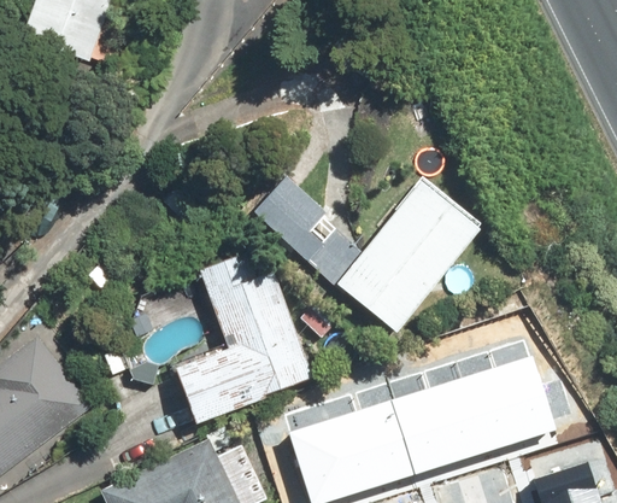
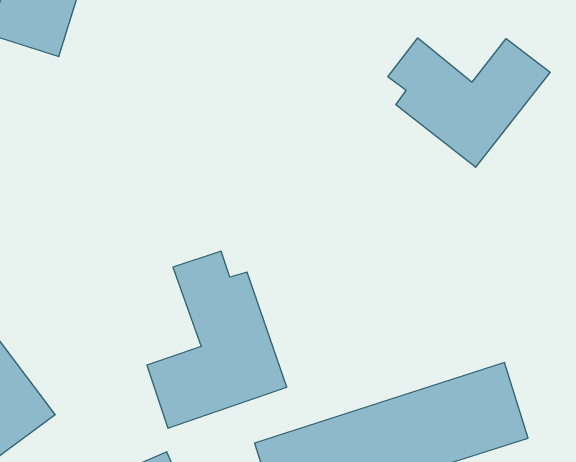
building: none -> [388,38,550,167]
building: [259,174,483,329] -> none

